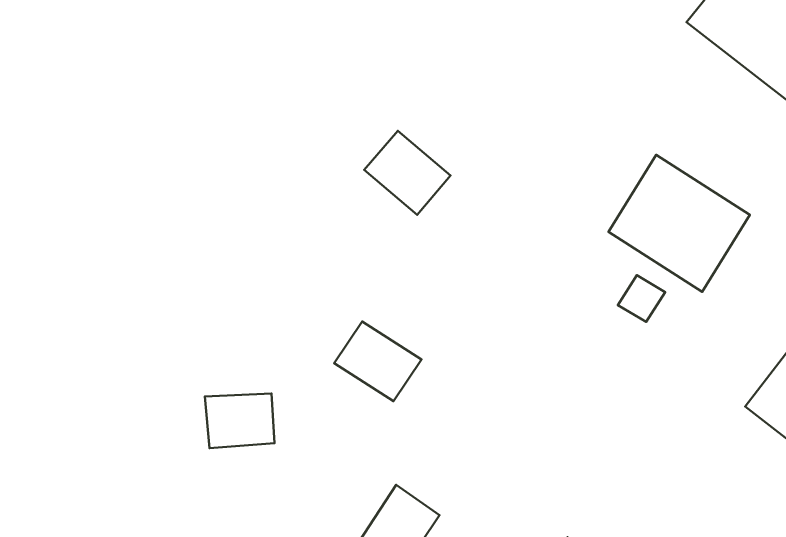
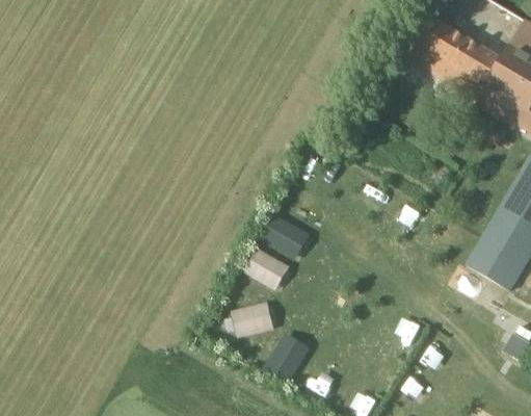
building: [364,131,451,215] -> [260,213,308,258]
building: [608,155,750,292] -> none
building: [205,394,275,448] -> [232,302,273,336]

